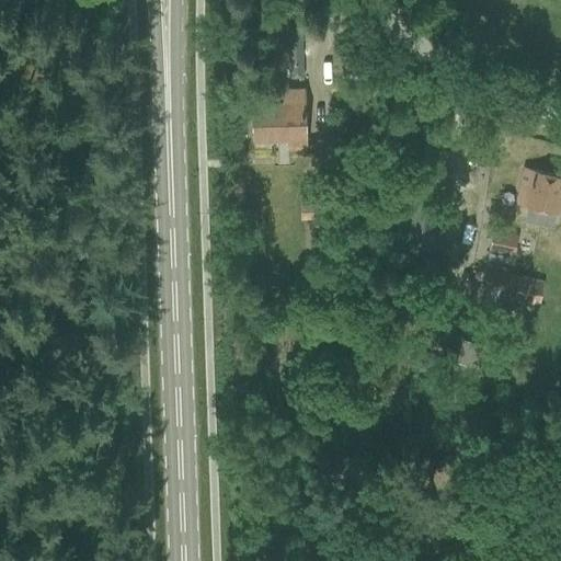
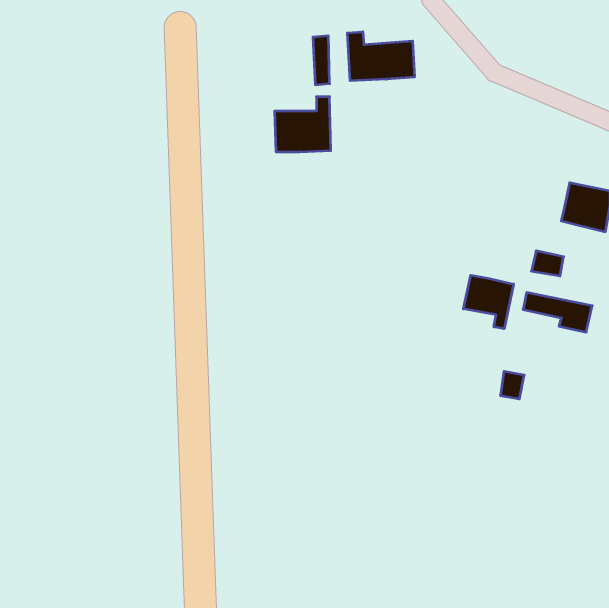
building: none -> [347,32,414,81]
building: none -> [463,275,514,329]

